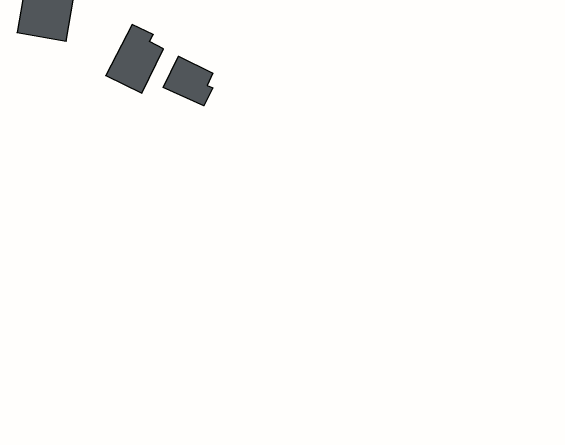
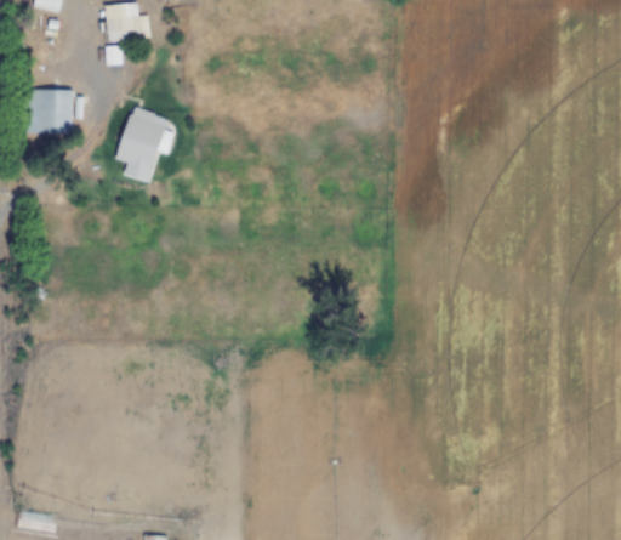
building: [163,56,213,106] -> none

